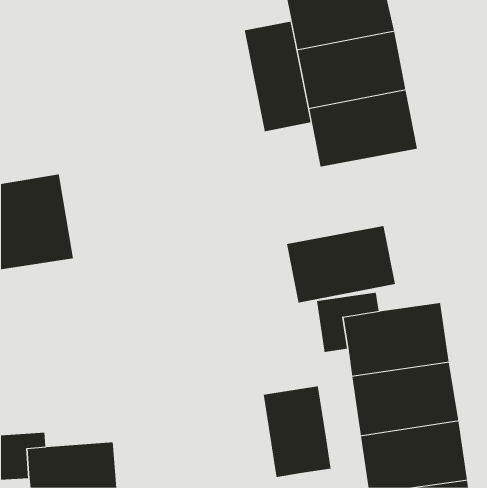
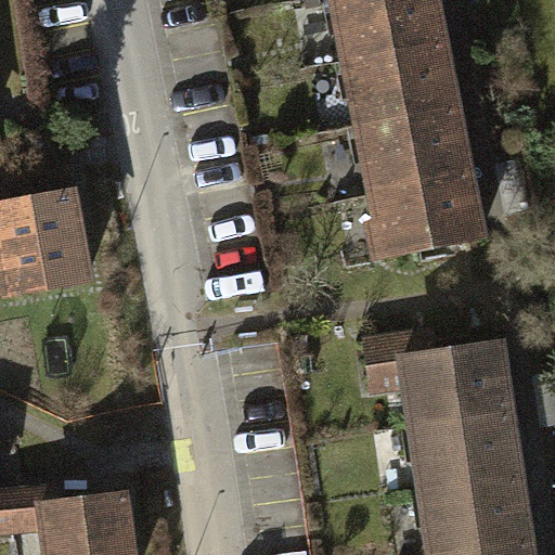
building: [244,21,311,132] -> none
building: [286,225,396,303] -> [365,168,489,256]
building: [263,386,331,478] -> none

